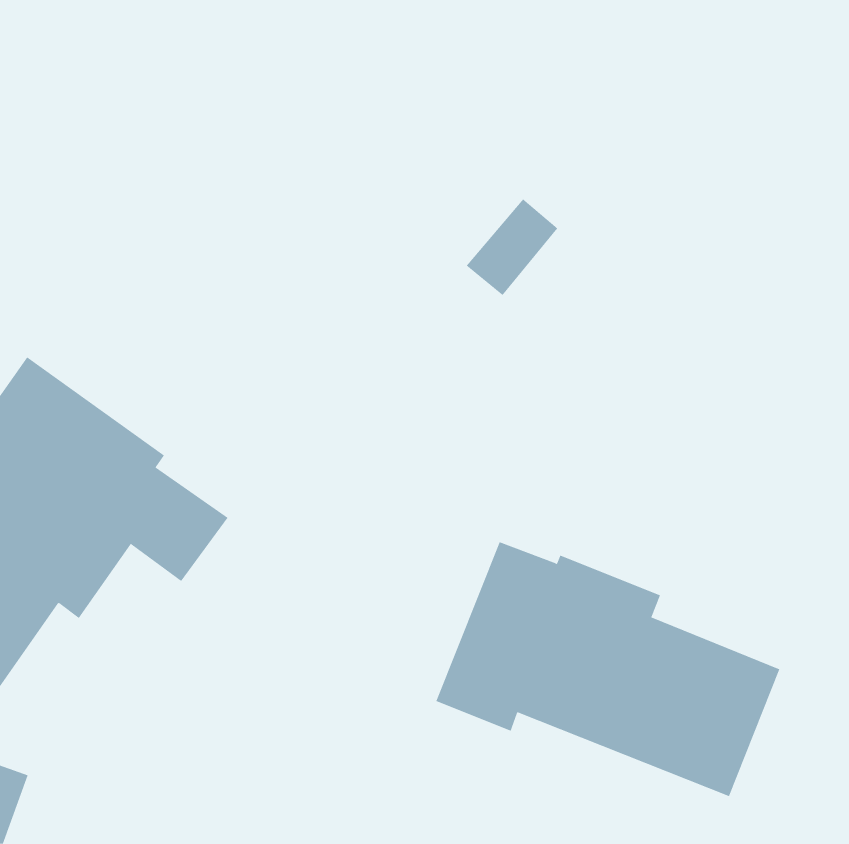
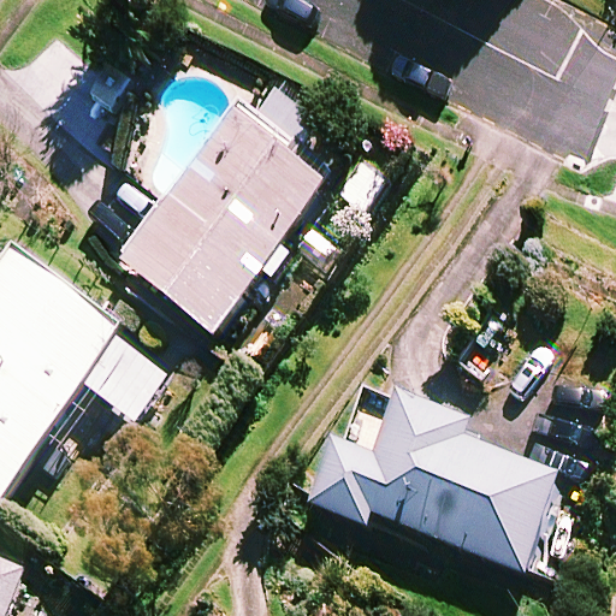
building: none -> [124,75,333,330]

